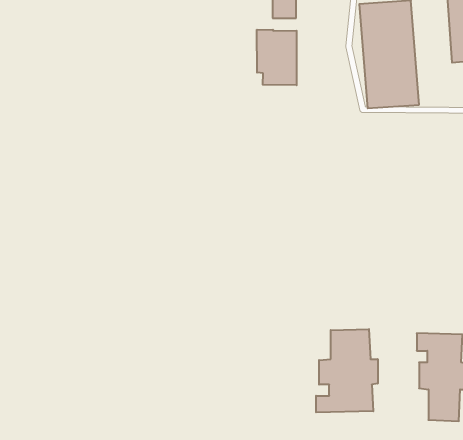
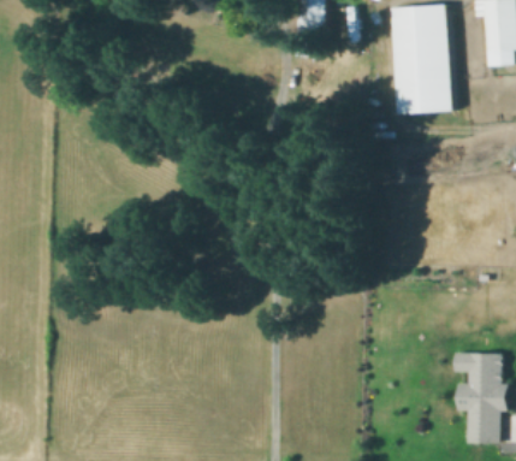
building: [257,30,297,85] -> none
building: [316,329,378,412] -> none

